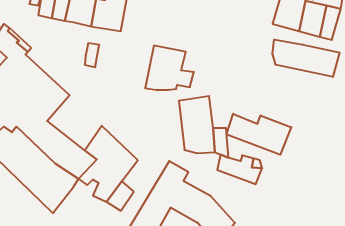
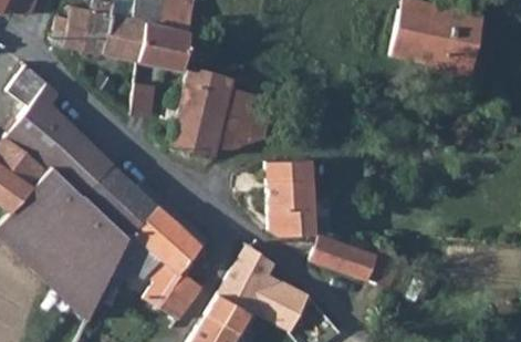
building: none -> [168,70,272,158]
building: [273,40,340,77] -> none
building: none -> [79,157,154,234]
building: [227,114,291,155] -> none

